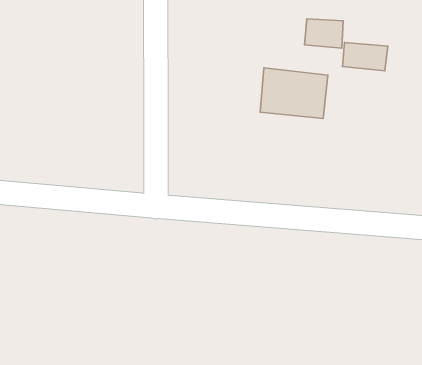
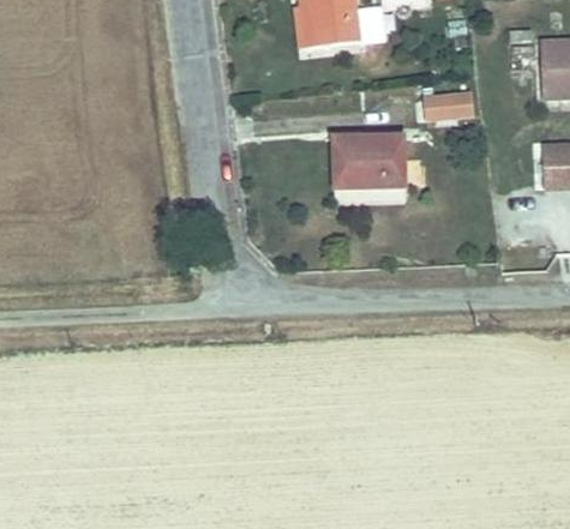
building: [304,19,343,48] -> none

